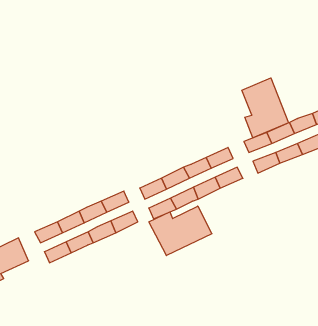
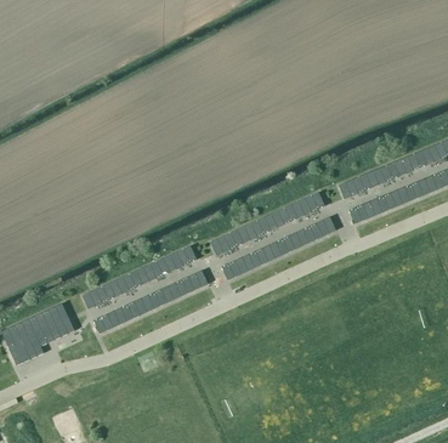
building: [242,78,288,138] -> none
building: [149,206,212,256] -> none

